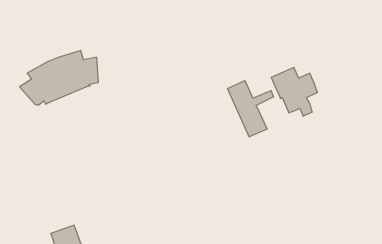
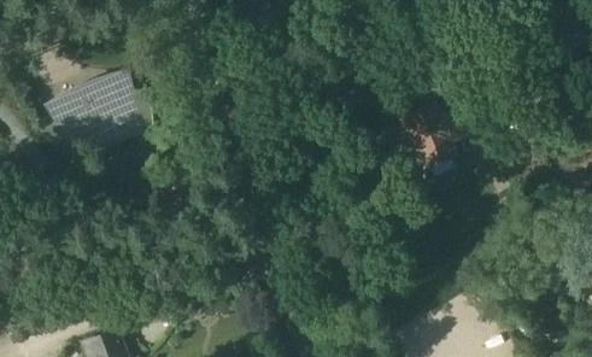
building: [228,80,274,137] -> none

